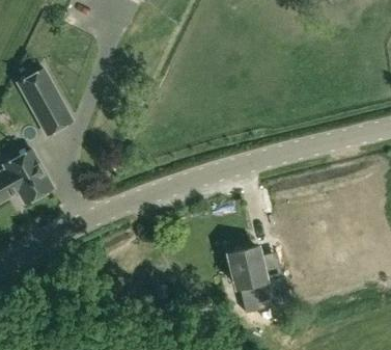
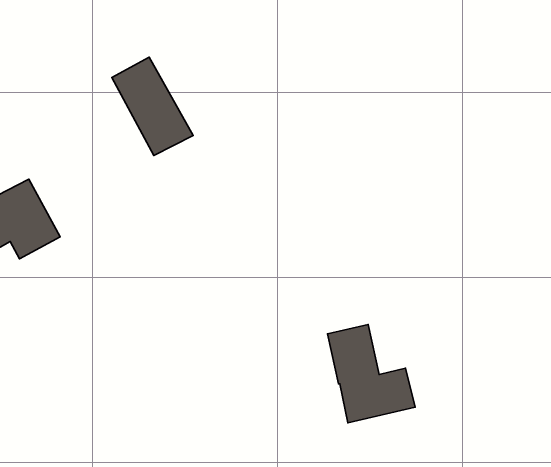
building: [18,69,72,134] -> [112,57,193,156]

